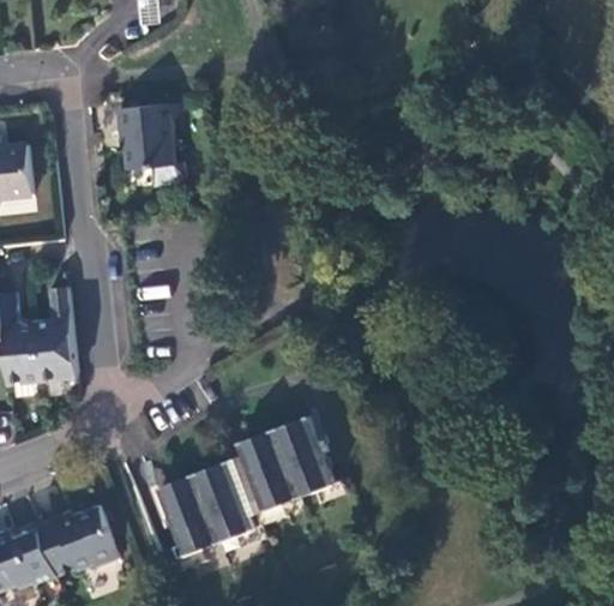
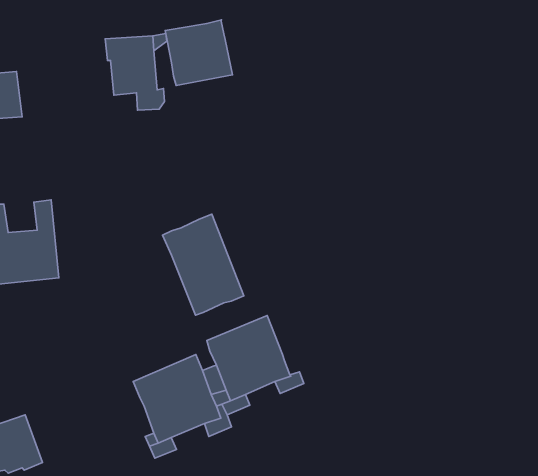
building: none -> [165,20,233,85]
building: none -> [162,214,244,315]
building: [36,508,118,577] -> none

